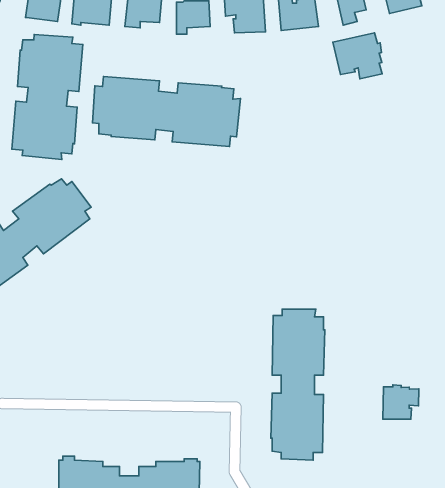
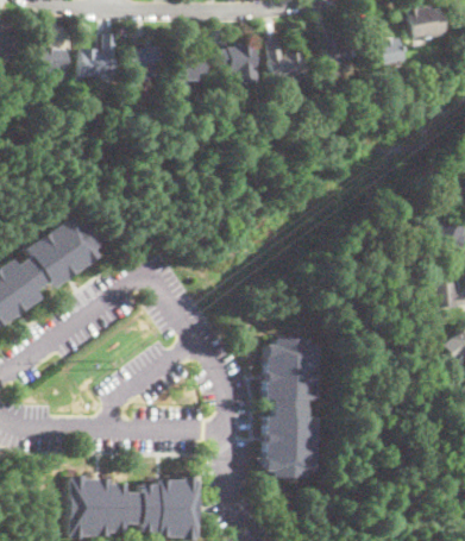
building: [333,33,382,79] -> none
building: [12,35,83,159] -> none
building: [92,76,240,146] -> none
building: [383,385,419,419] -> none

